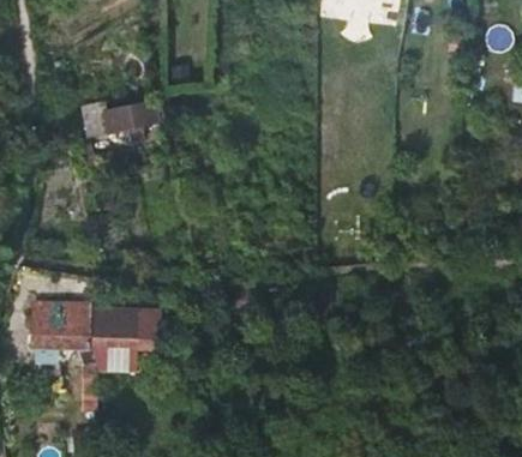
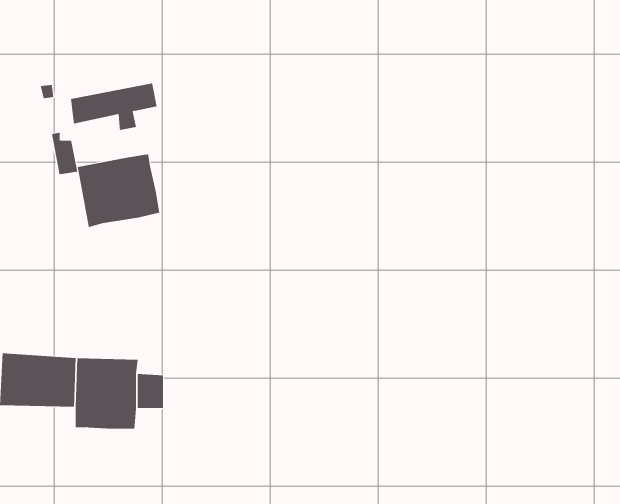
building: none -> [77,154,160,228]

